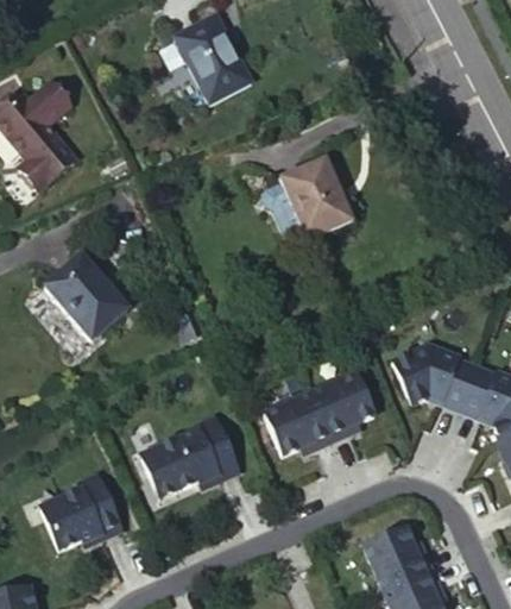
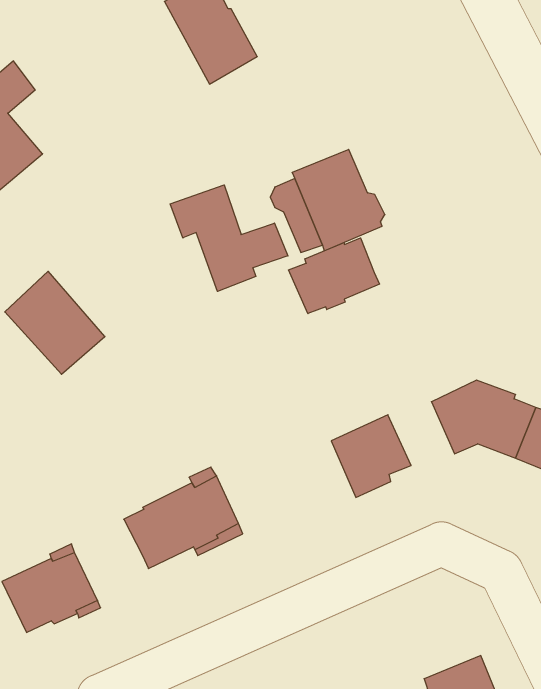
building: none -> [170,185,288,291]
building: none -> [288,238,380,314]
building: [263,395,330,457] -> none
building: [365,526,433,590] -> none

